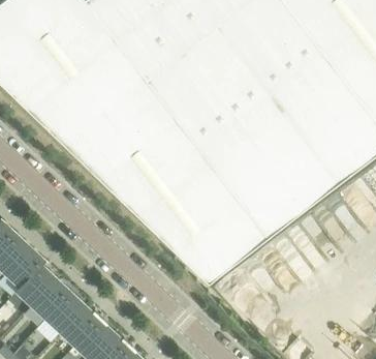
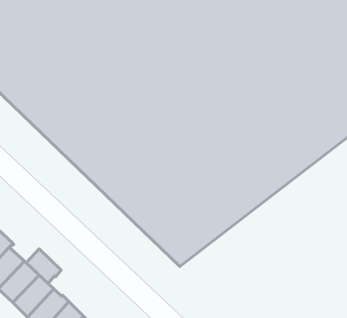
building: none -> [26,249,61,283]

